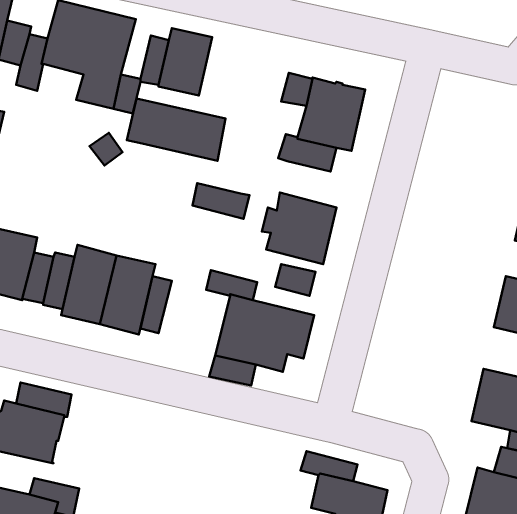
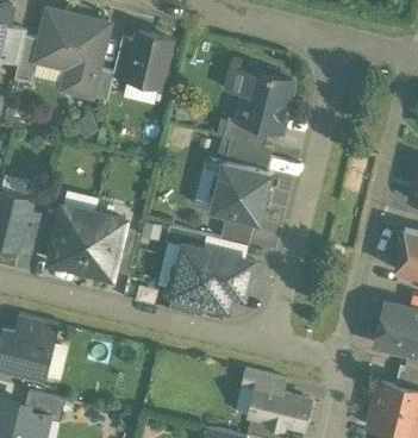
building: [127,99,225,161] -> none
building: [193,183,249,219] -> [226,138,272,167]

